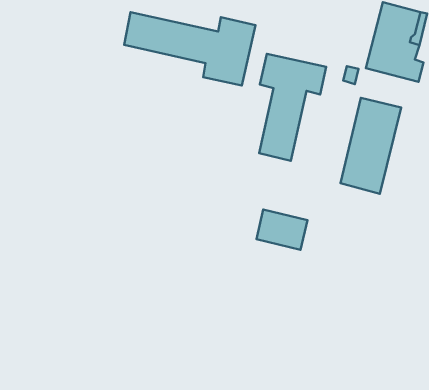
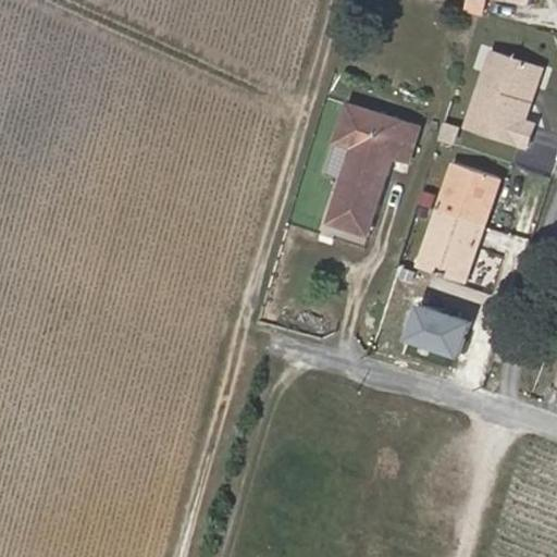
building: [124,12,256,86] -> none
building: [256,210,307,250] -> [406,309,467,359]

